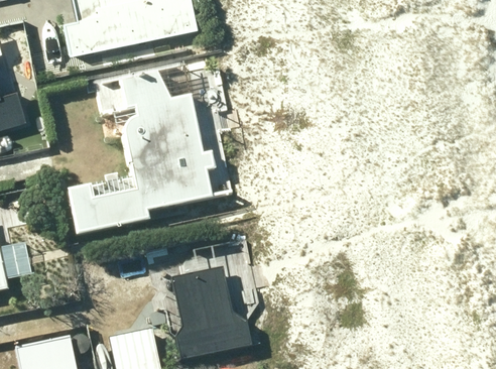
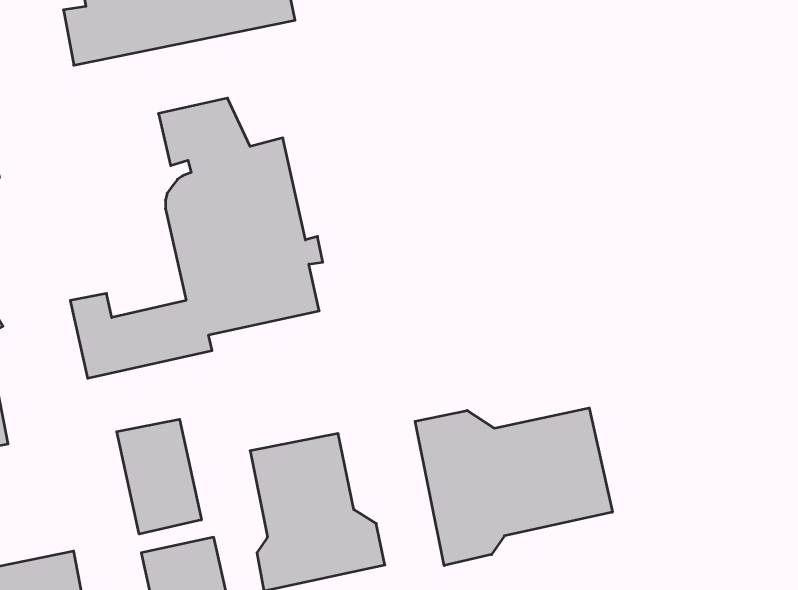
building: none -> [415,408,612,566]
building: none -> [117,419,201,534]

